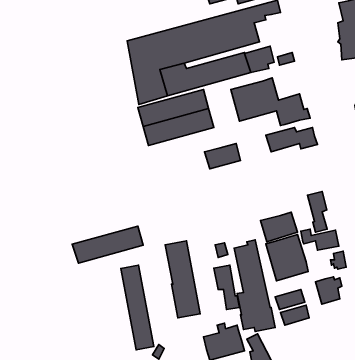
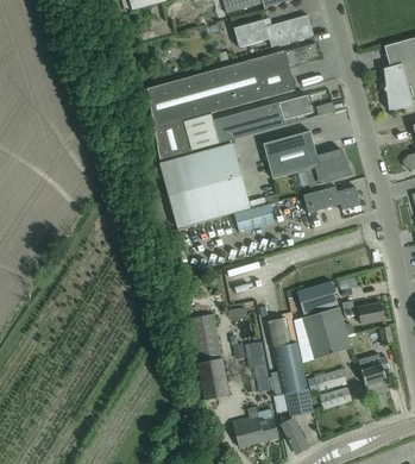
building: [307,191,327,232] -> none
building: [72,226,143,263] -> [170,186,250,227]
building: [121,265,154,350] -> none

